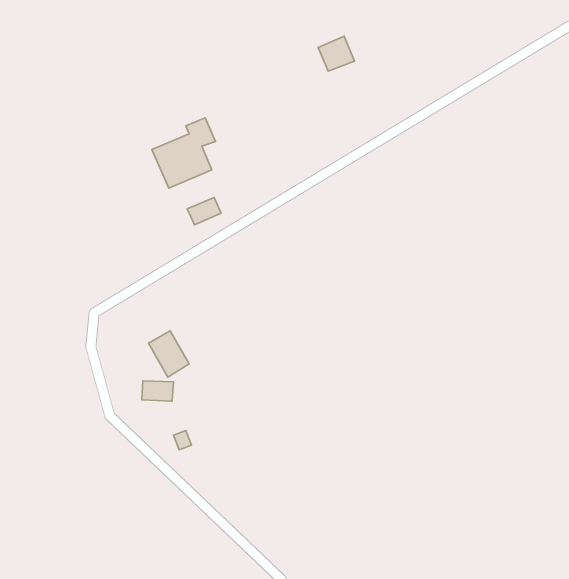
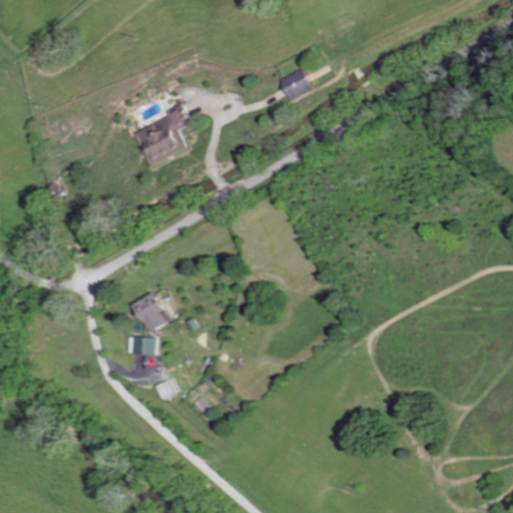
building: [318,36,354,71] -> [281,68,313,99]
building: [187,197,221,225] -> none

